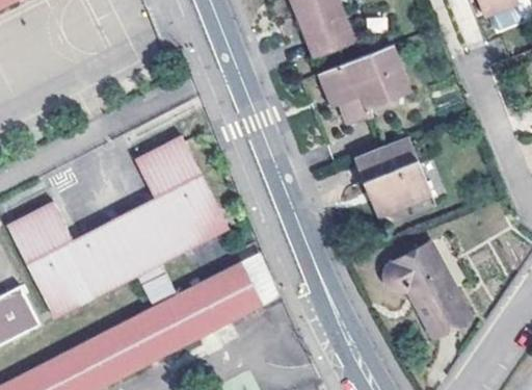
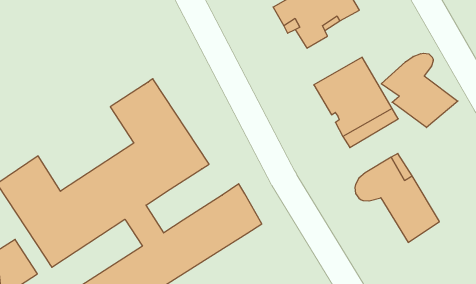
building: none -> [381,53,458,128]

